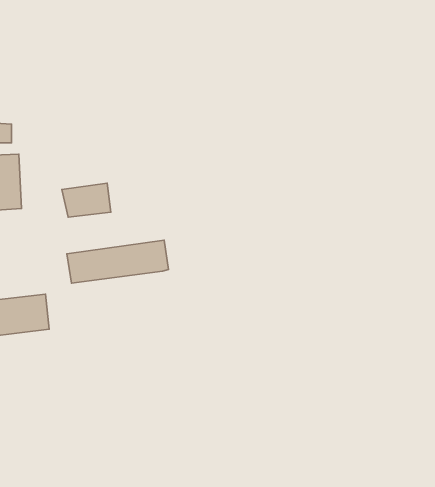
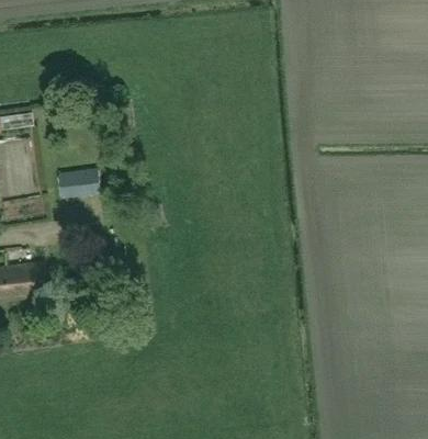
building: [67,240,168,283] -> none

